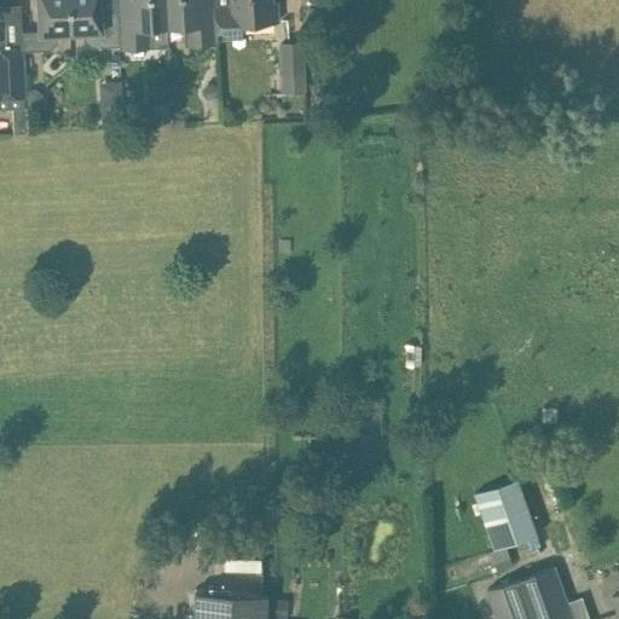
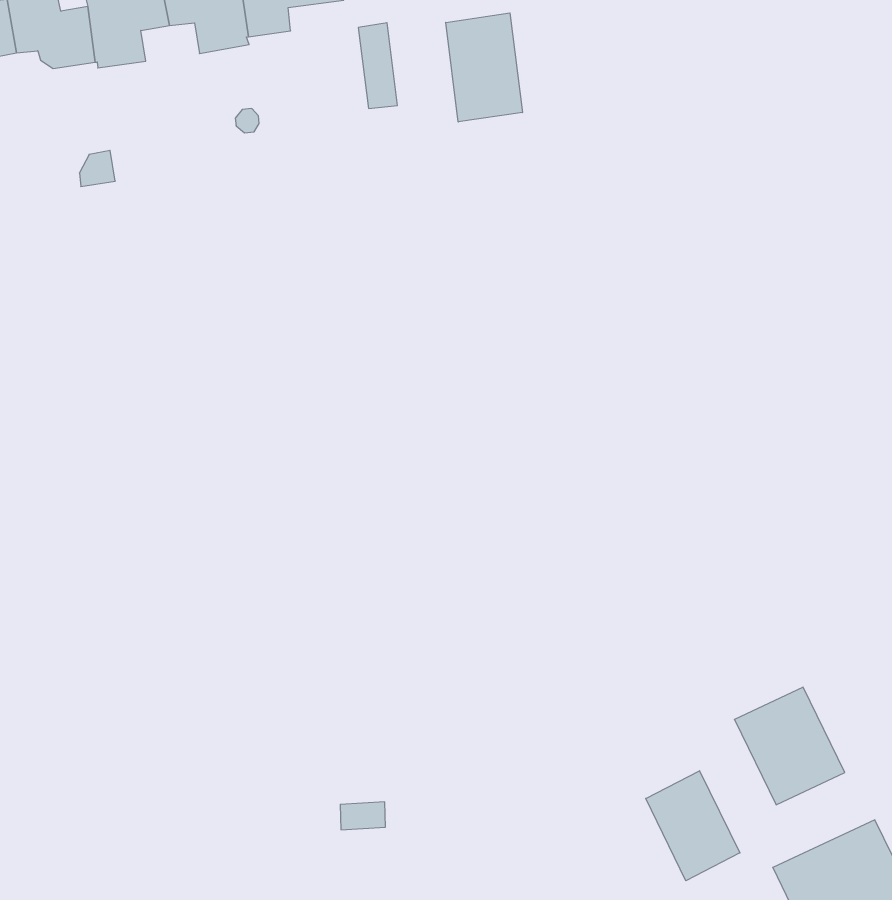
building: none -> [446,13,522,122]
building: none -> [646,771,740,881]

